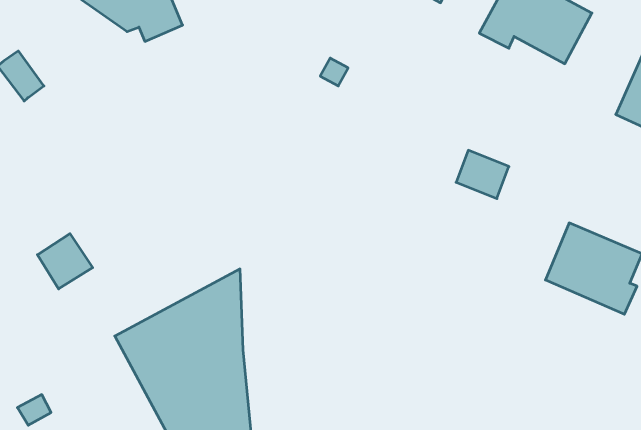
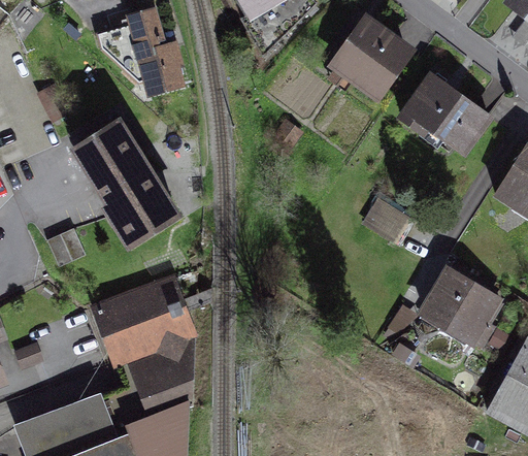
building: none -> [80,121,176,243]

